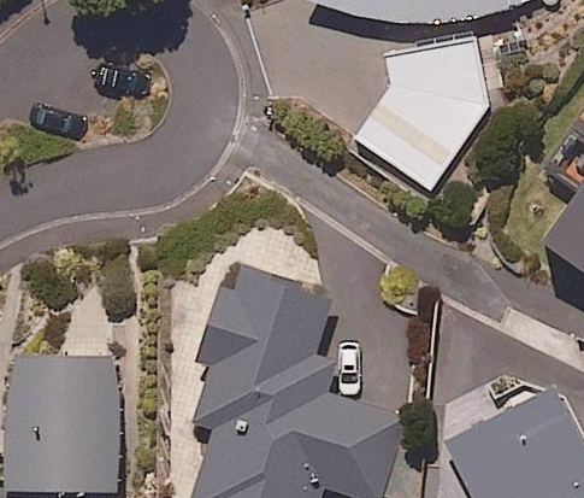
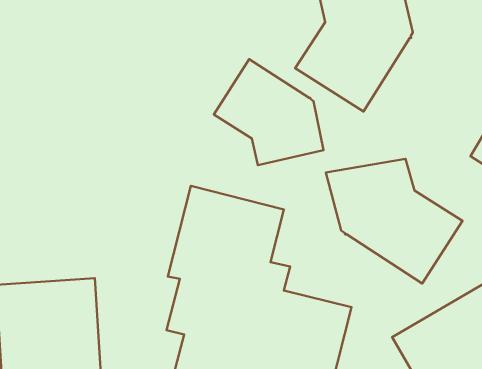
building: none -> [214,59,324,165]
building: none -> [326,159,462,283]

